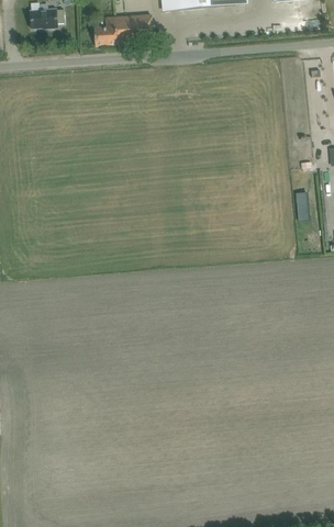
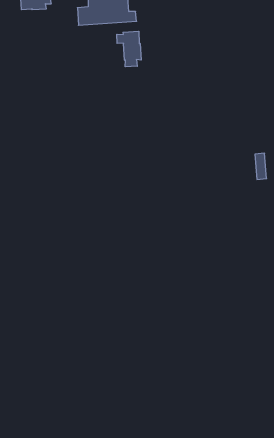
building: none -> [117,31,141,67]

